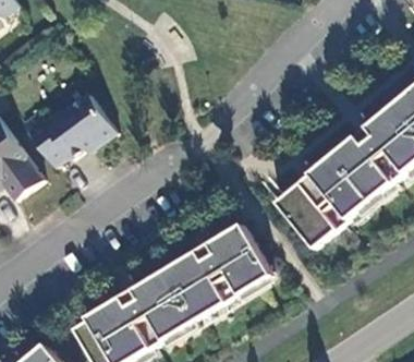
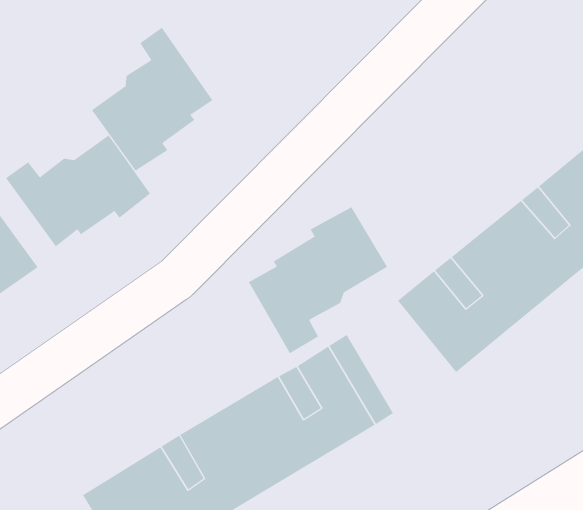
building: none -> [91,27,213,172]
building: none -> [248,206,388,354]

